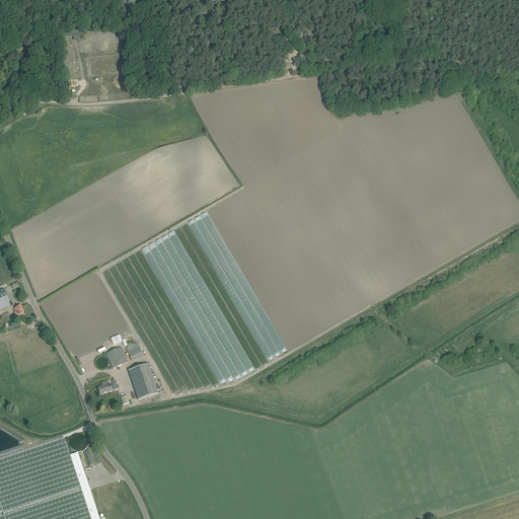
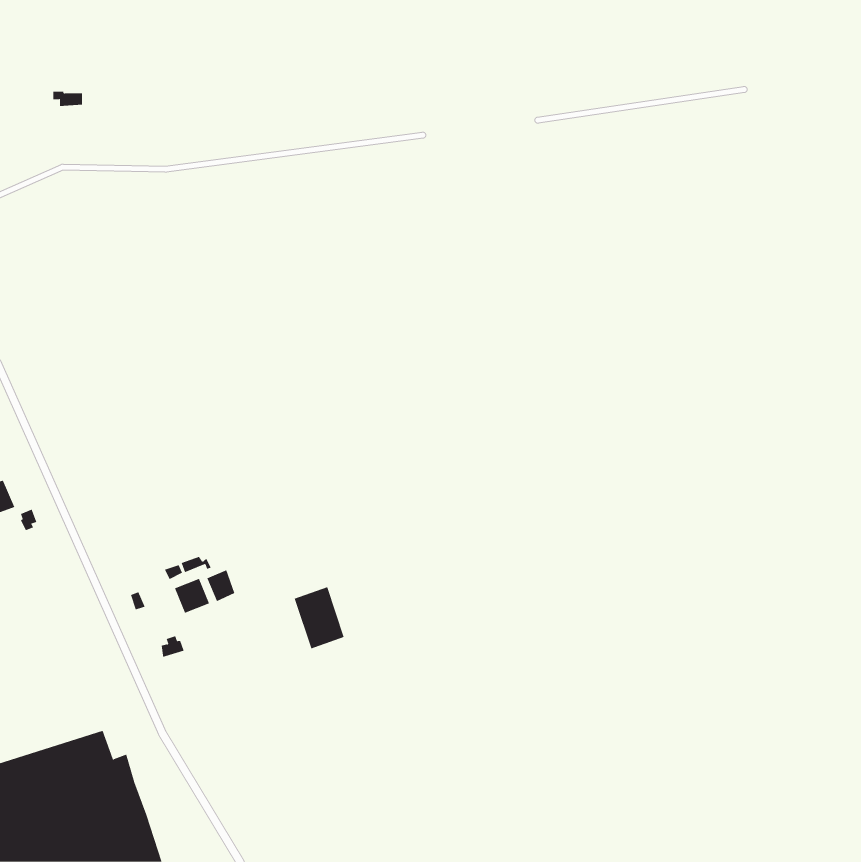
building: [126,363,156,400] -> [294,587,345,649]

